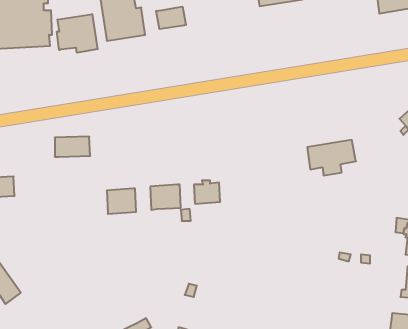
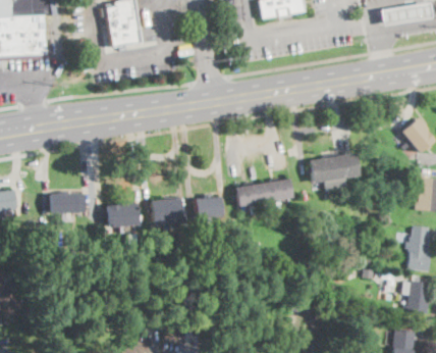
building: [156,7,186,29] -> none
building: [57,14,98,53] -> none
building: [55,137,90,157] -> [51,193,87,213]
building: none -> [236,178,292,206]

